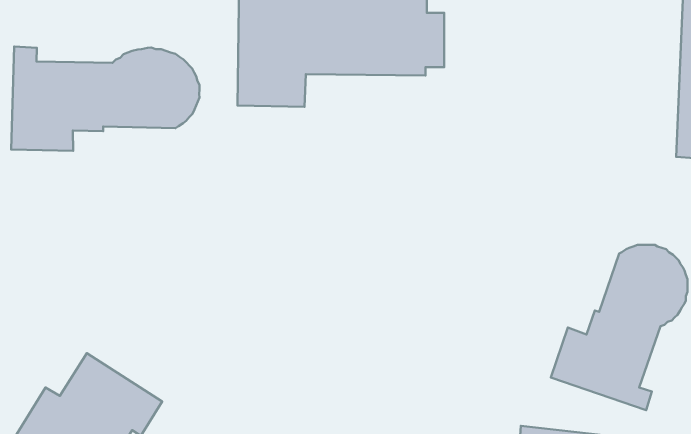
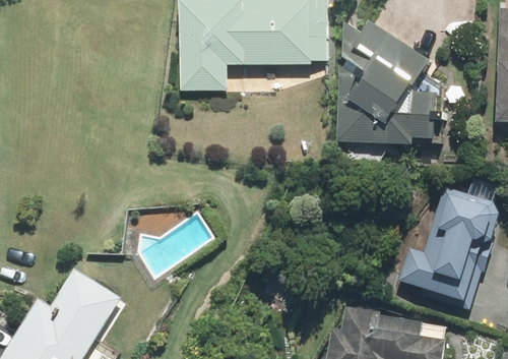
building: none -> [335,20,436,145]
building: [11,47,200,151] -> none

